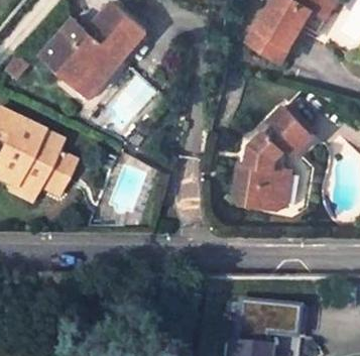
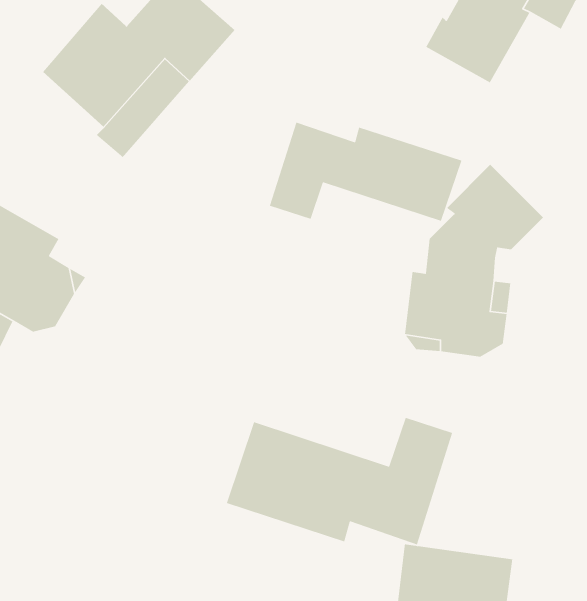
building: none -> [269,122,462,222]
building: none -> [226,417,453,545]

